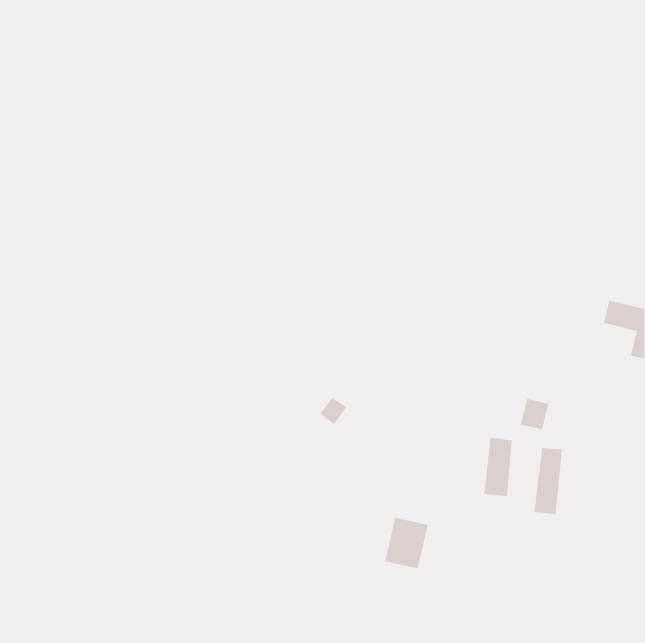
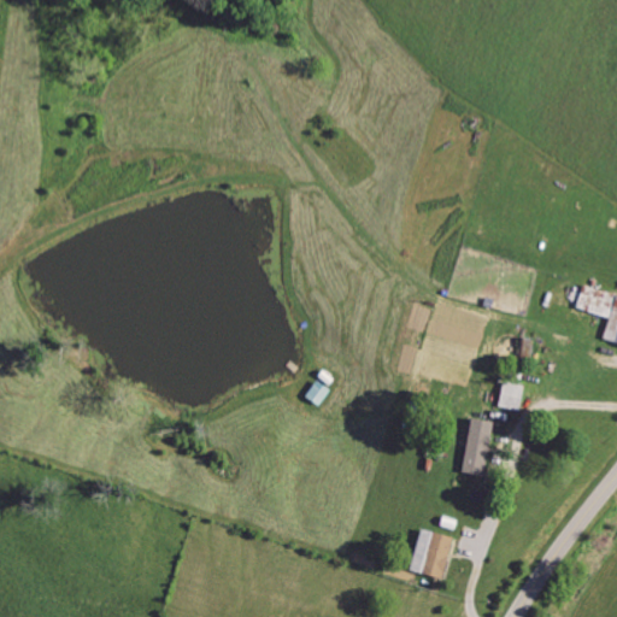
building: [534,447,562,515] -> none
building: [384,517,429,569] -> [409,529,451,578]

